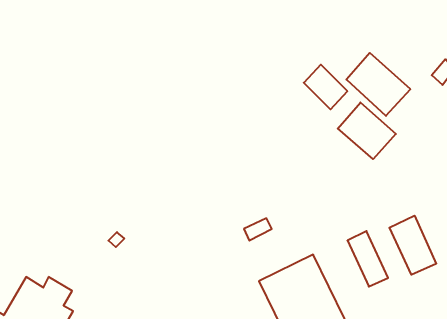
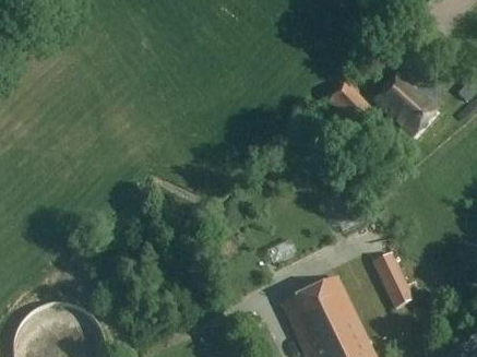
building: [338,102,396,159] -> none
building: [389,216,436,275] -> none

